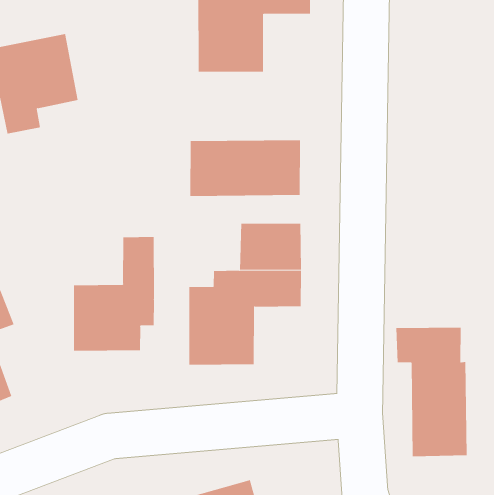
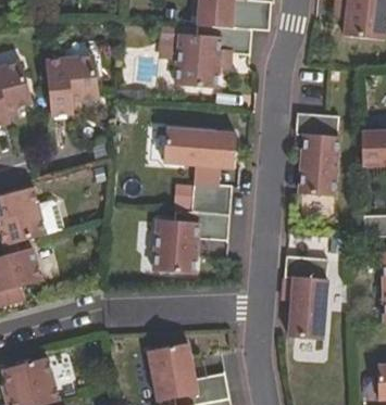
building: none -> [295,113,338,197]
building: [73,236,154,351] -> none

